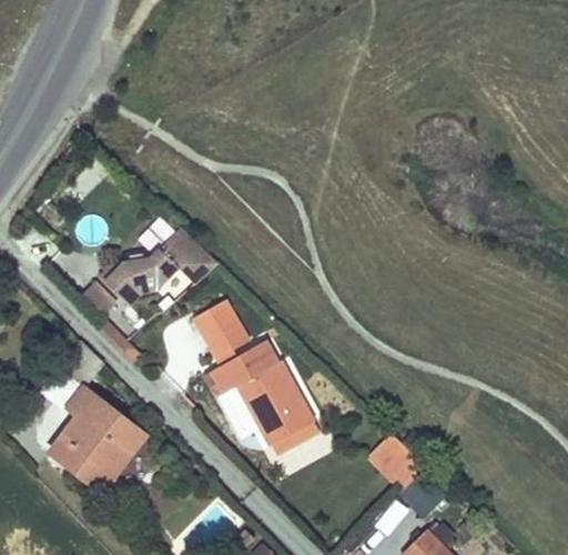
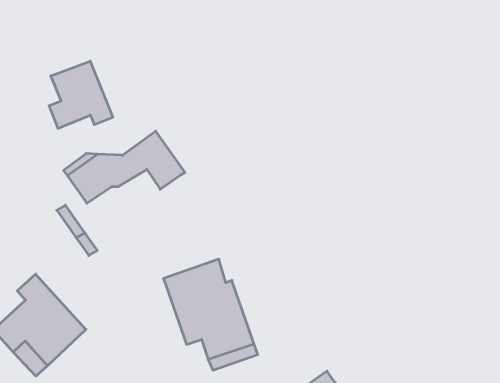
building: none -> [49,61,113,128]
building: [194,300,248,360] -> none

